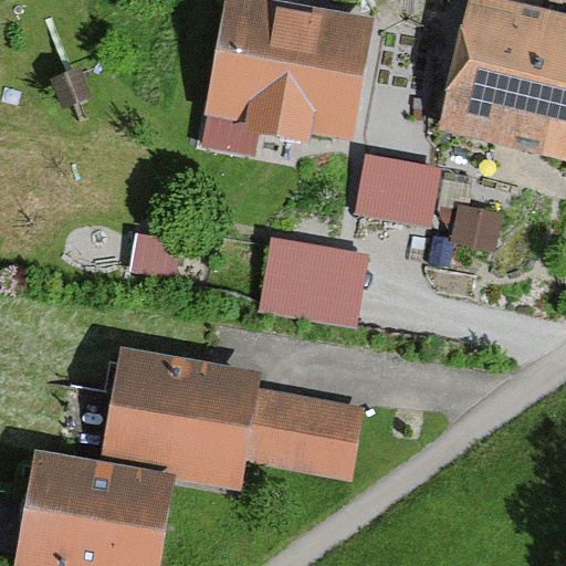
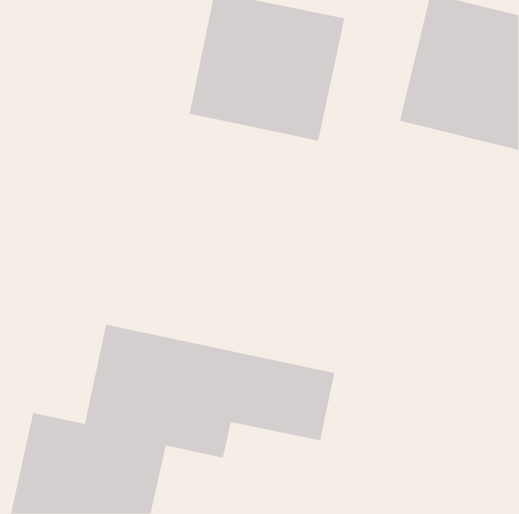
building: [360,150,446,223] -> none
building: [259,234,374,325] -> none

